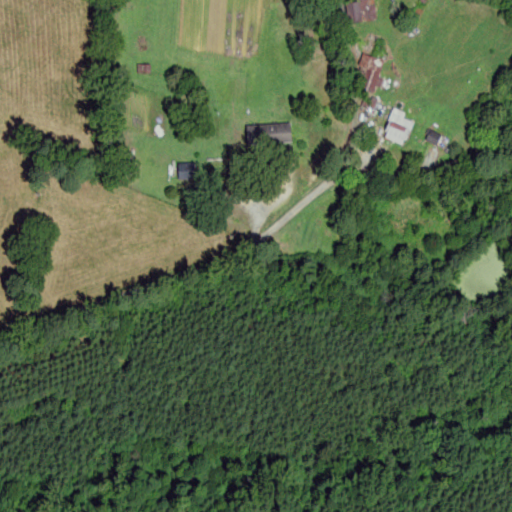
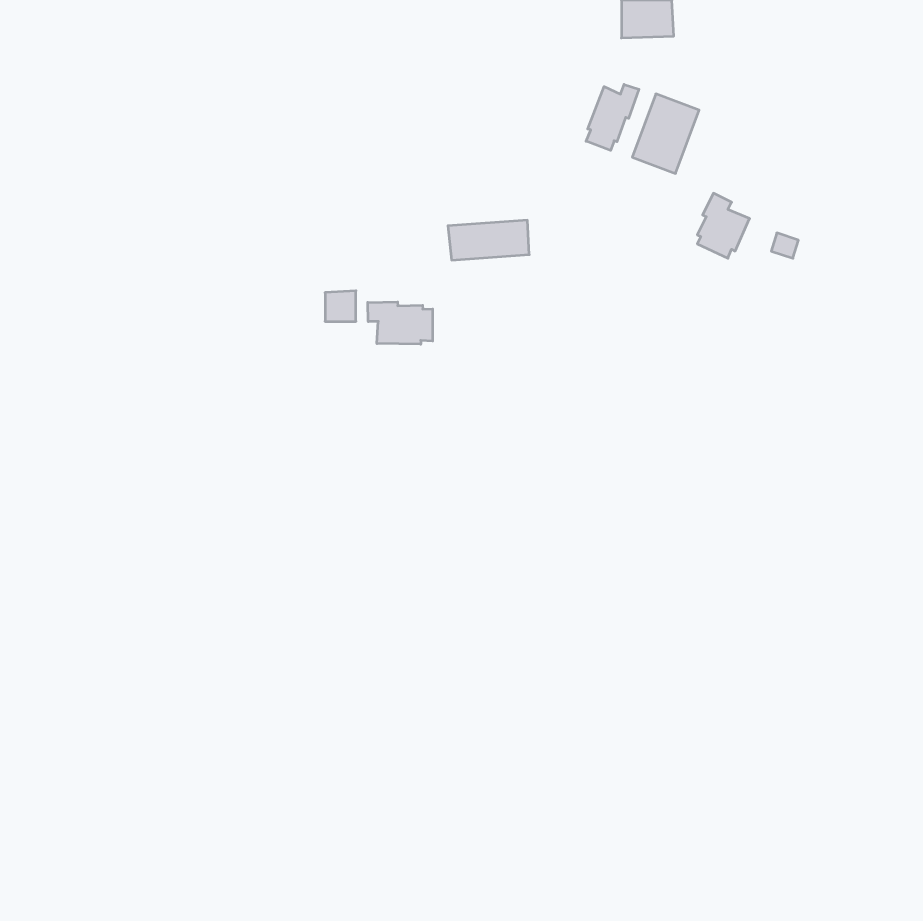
building: none -> [586,84,639,150]
building: none -> [368,302,433,344]

